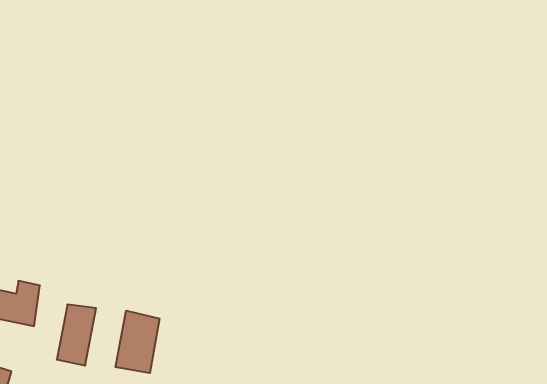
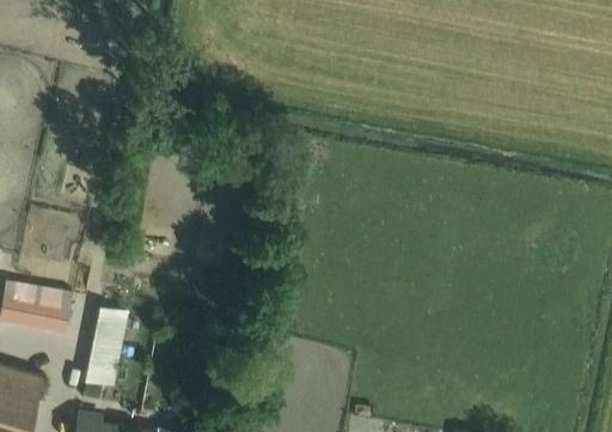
building: [116,311,160,373] -> none

